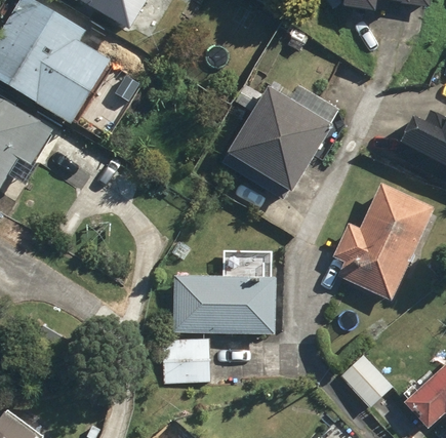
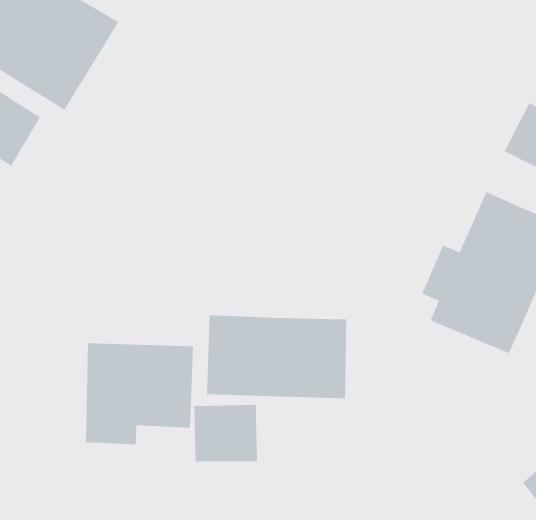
building: [221,84,341,201] -> none
building: none -> [85,343,193,445]
building: [339,354,393,408] -> none

